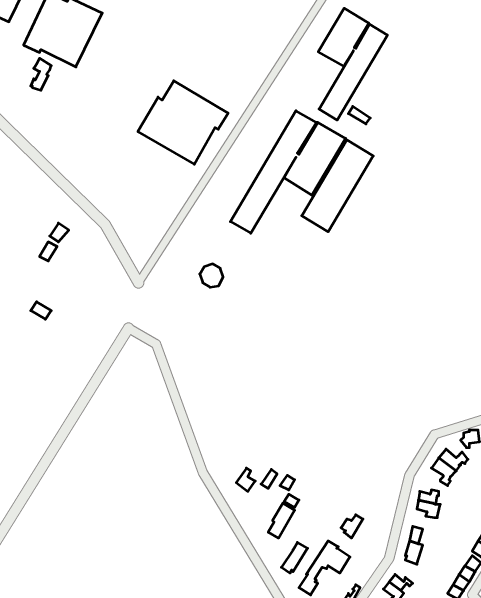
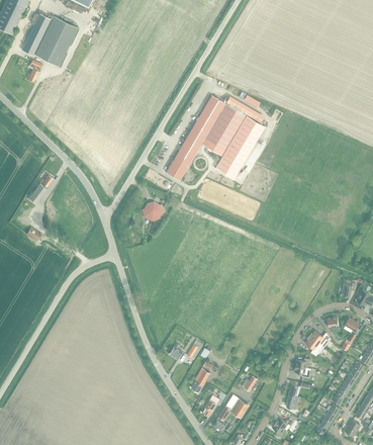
building: [318,8,387,120] -> none
building: [138,81,228,164] -> none

